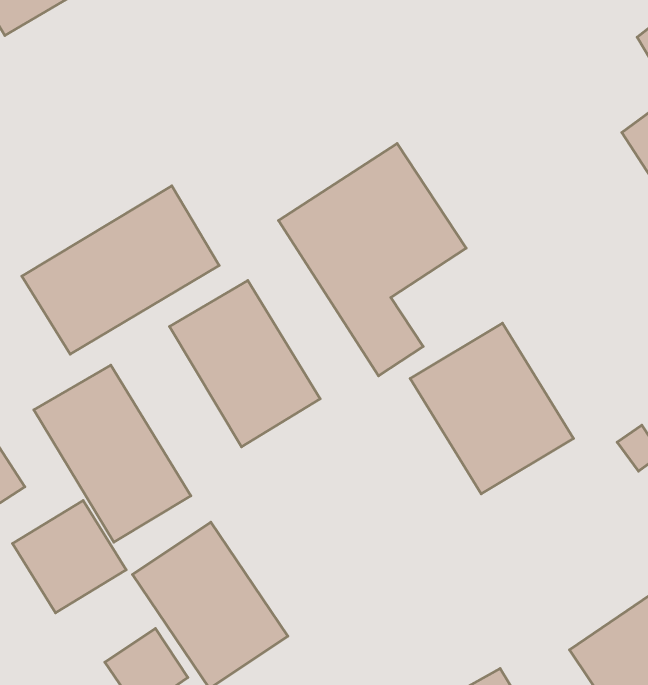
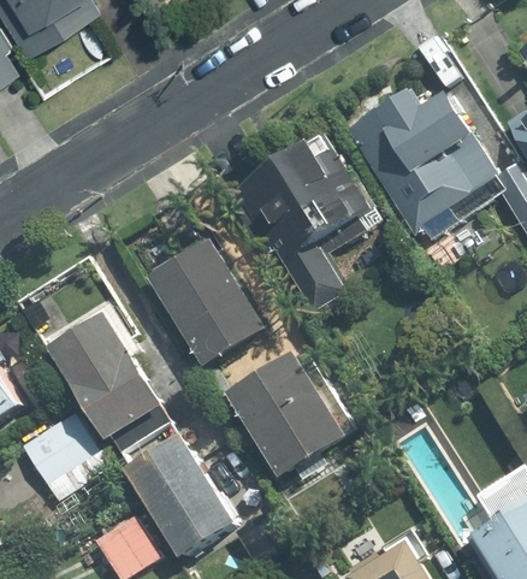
building: none -> [350,88,510,243]
building: [22,186,219,354] -> none
building: [410,323,573,494] -> [221,349,349,483]

